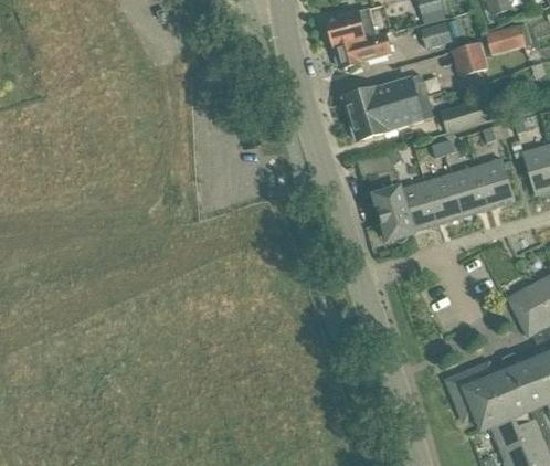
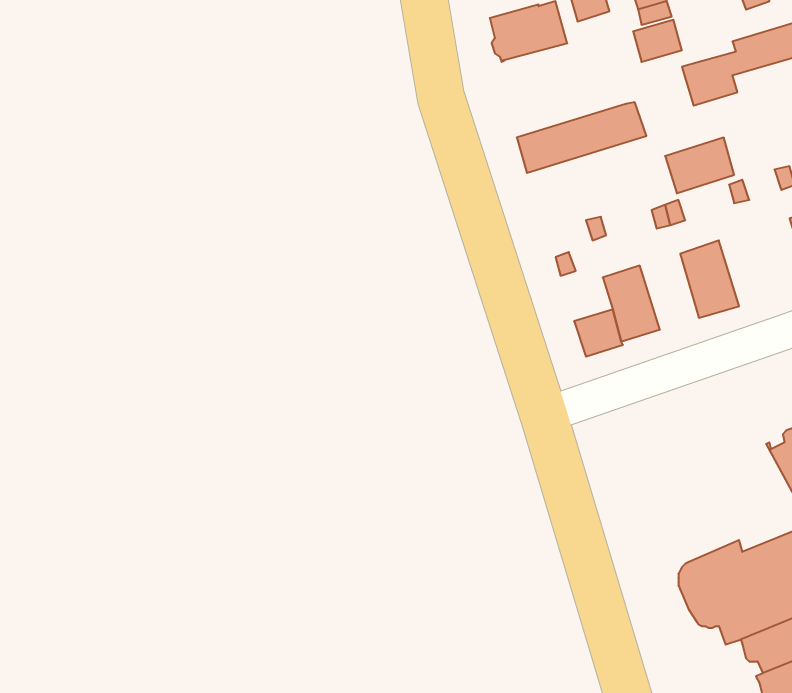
building: [335,32,391,67] -> none
building: [350,96,434,139] -> none
building: [476,157,515,208] -> none
building: [424,173,463,223] -> none
building: [374,187,406,218] -> none

